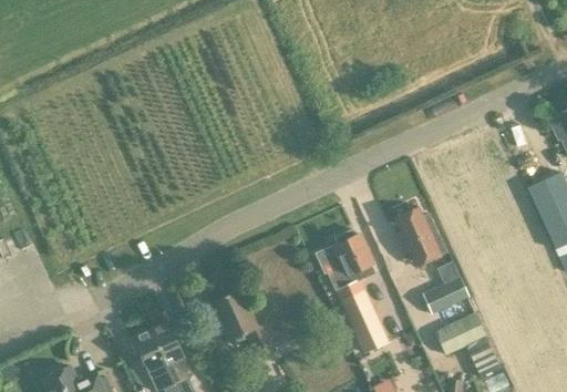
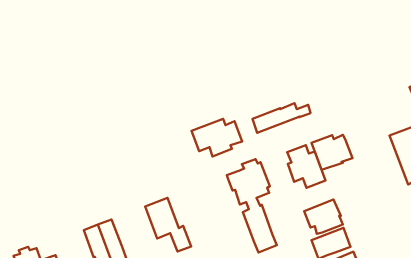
building: none -> [253,103,311,133]
building: none -> [192,119,242,157]
building: none -> [312,135,352,170]

